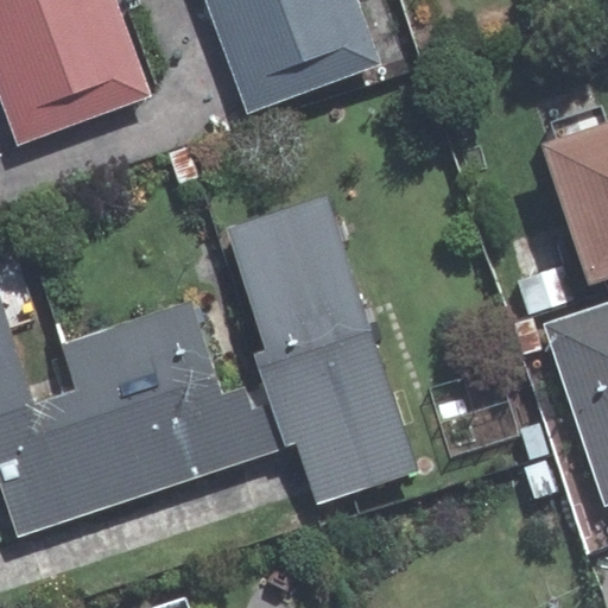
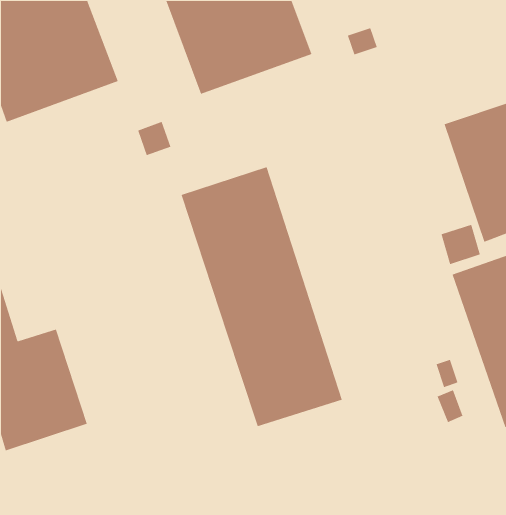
building: [63,303,293,500] -> none

